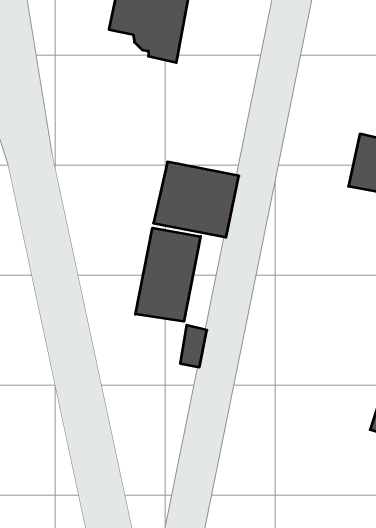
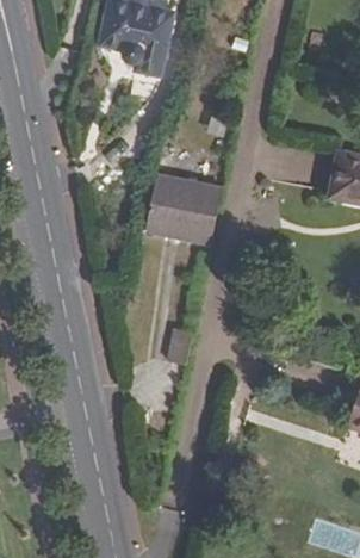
building: [135,228,201,321] -> none

